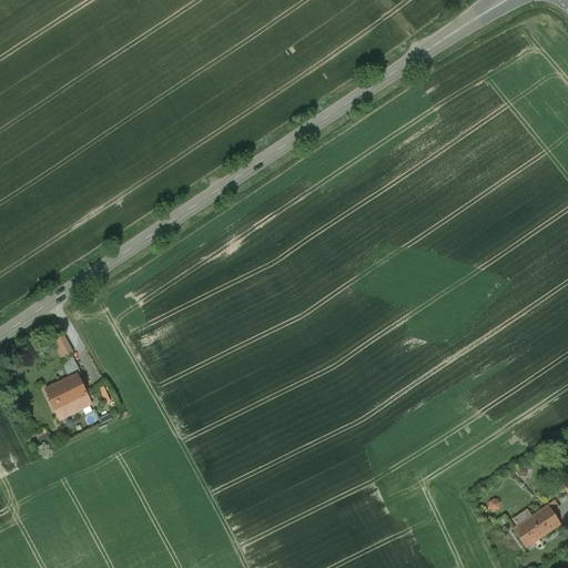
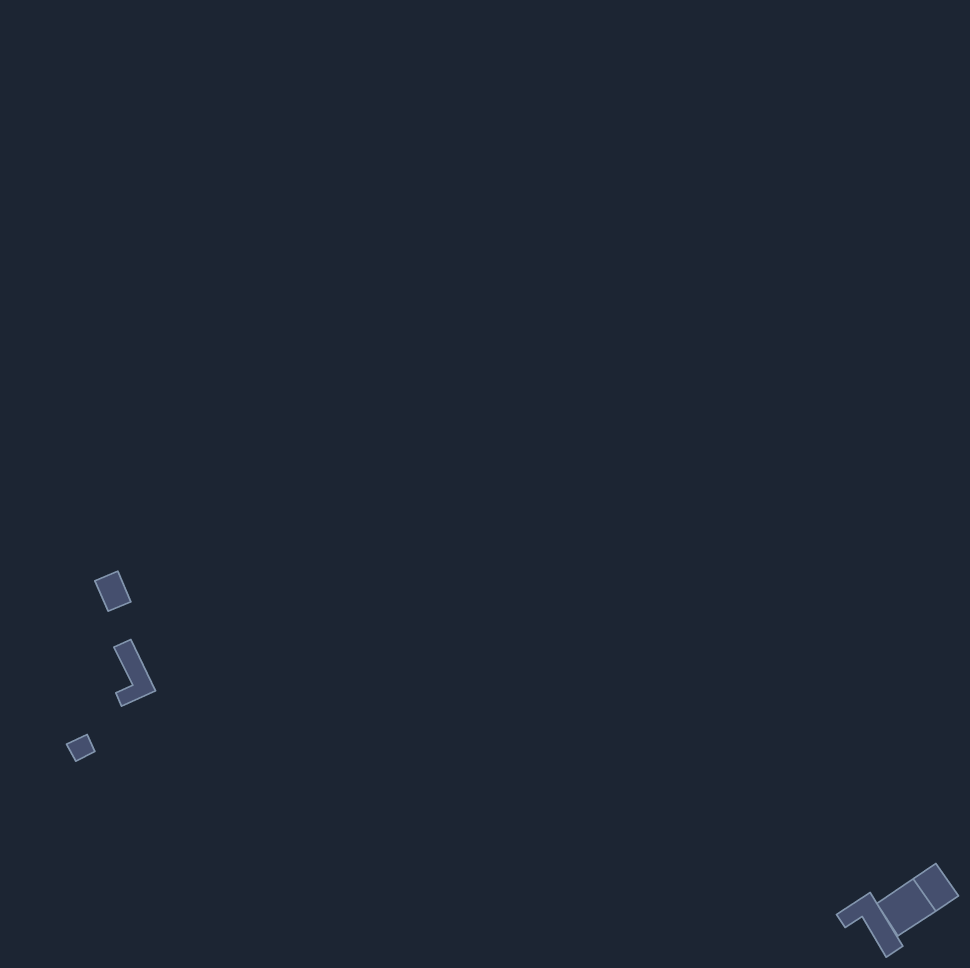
building: [44,378,78,412] -> none
building: none -> [836,892,903,957]

